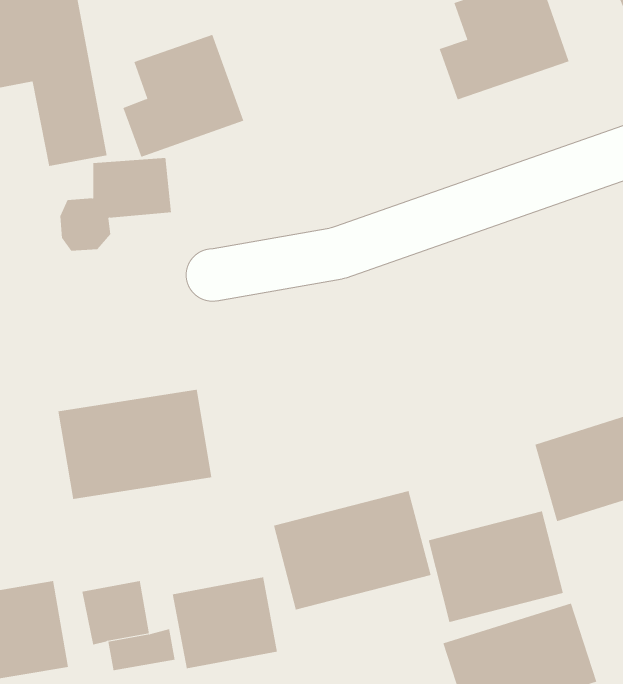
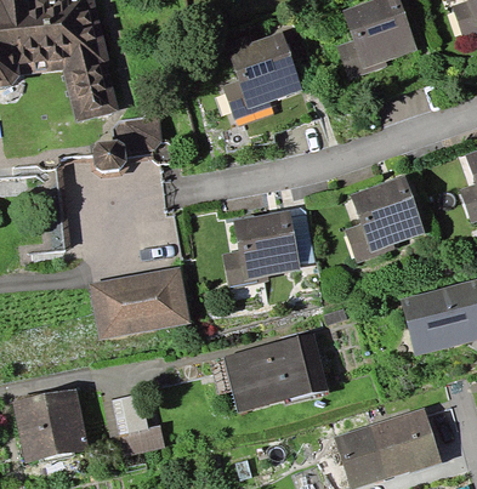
building: [123,34,244,158] -> [218,33,299,114]
building: none -> [342,184,426,260]
building: none -> [238,214,306,282]
building: [428,510,563,623] -> none
building: [172,577,278,669] -> none

